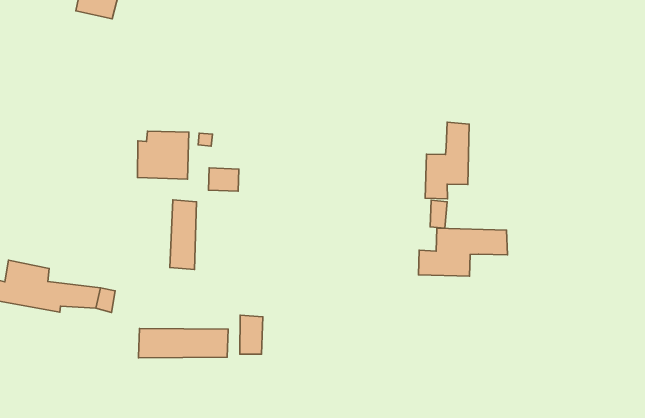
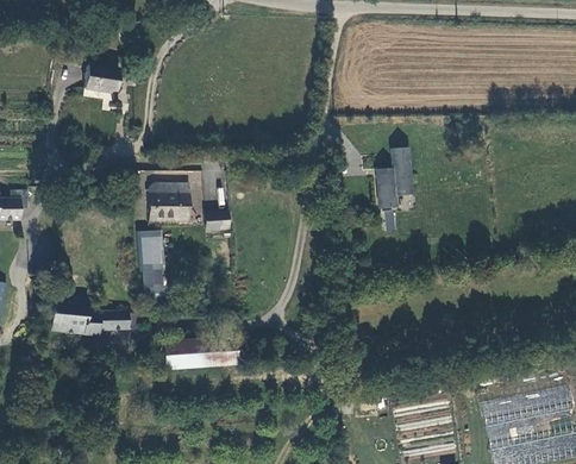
building: [170,200,196,270] -> [142,244,164,299]
building: [418,228,508,276] -> none
building: [240,315,263,354] -> none

